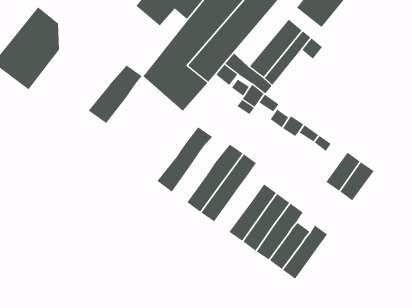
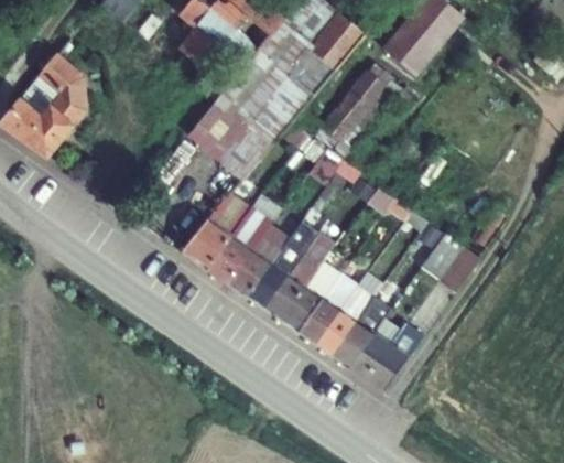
building: [88,65,142,124] -> [183,193,251,267]
building: none -> [226,220,286,293]
building: none -> [279,257,340,331]

